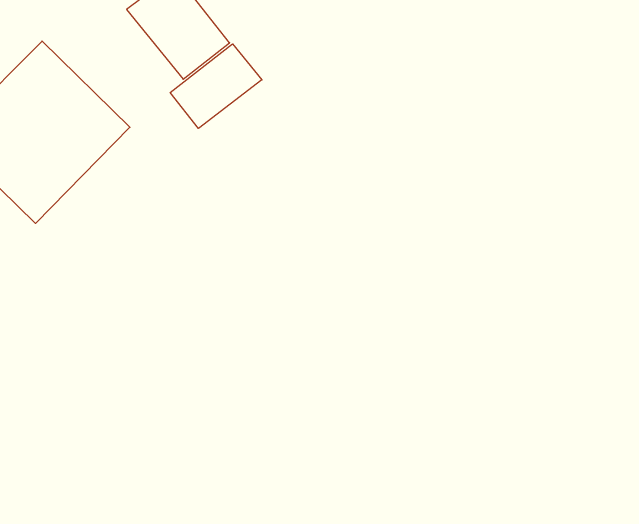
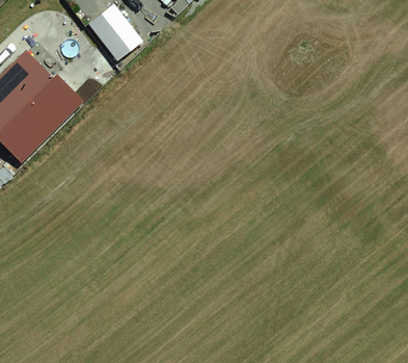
building: [170,44,262,128] -> none

